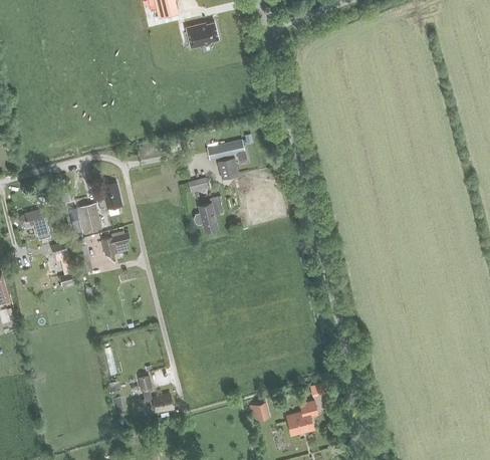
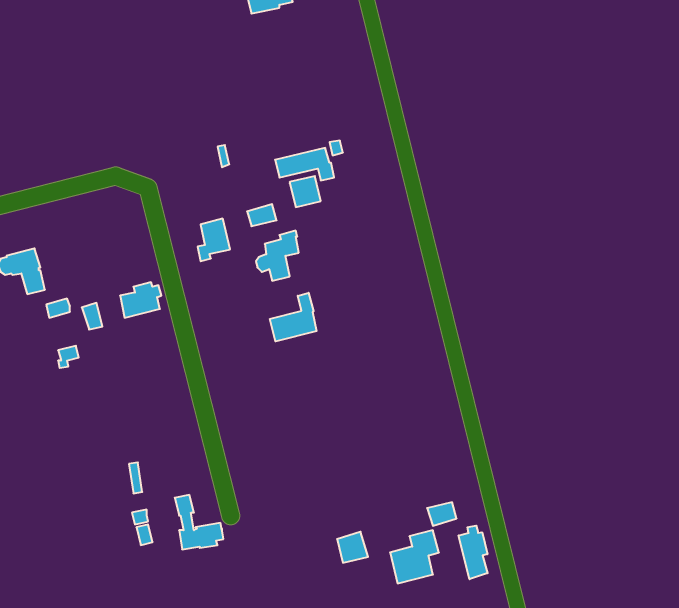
building: [99,184,121,213] -> [198,219,230,261]
building: [77,204,100,233] -> none
building: none -> [270,293,317,341]
building: none -> [459,526,488,579]

